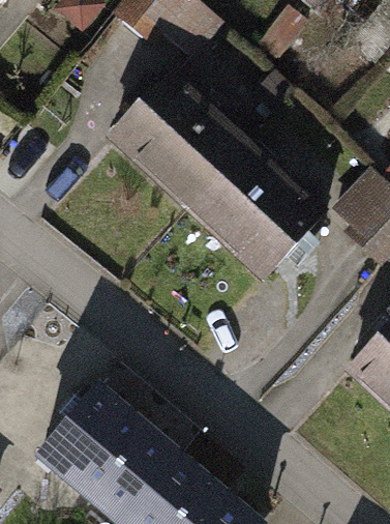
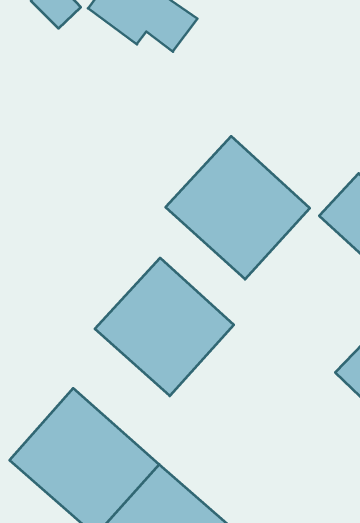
building: [107,63,248,204] -> none
building: none -> [95,258,234,396]

